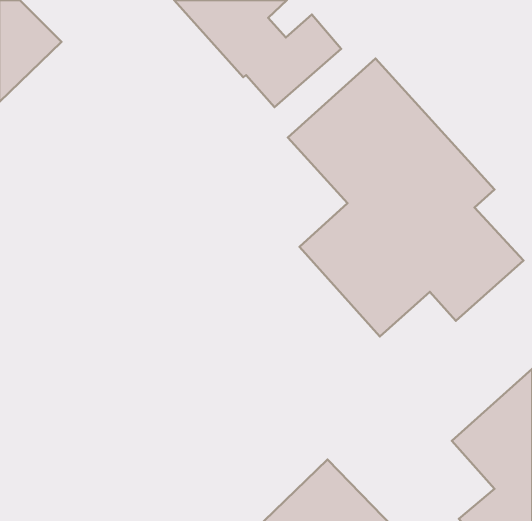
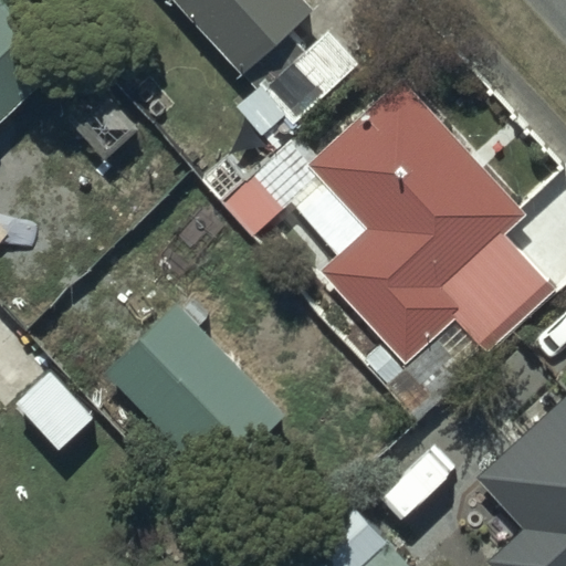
building: none -> [105,300,284,480]

